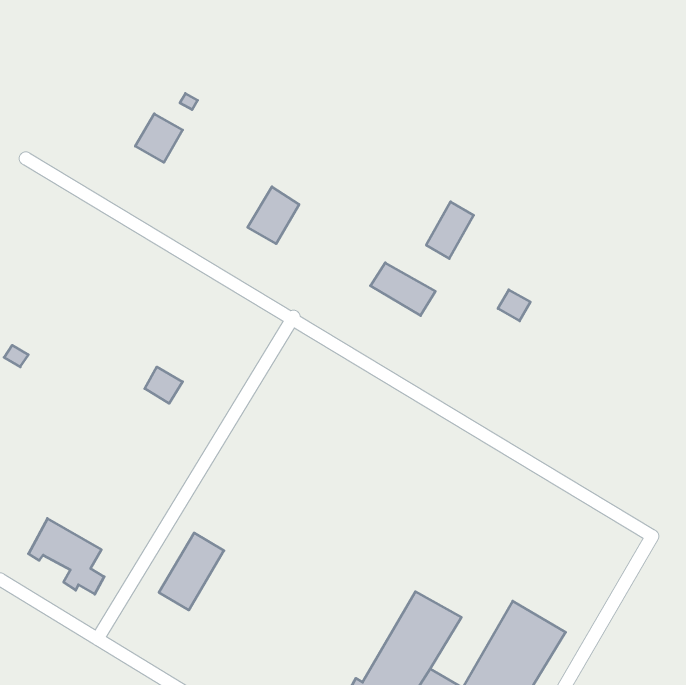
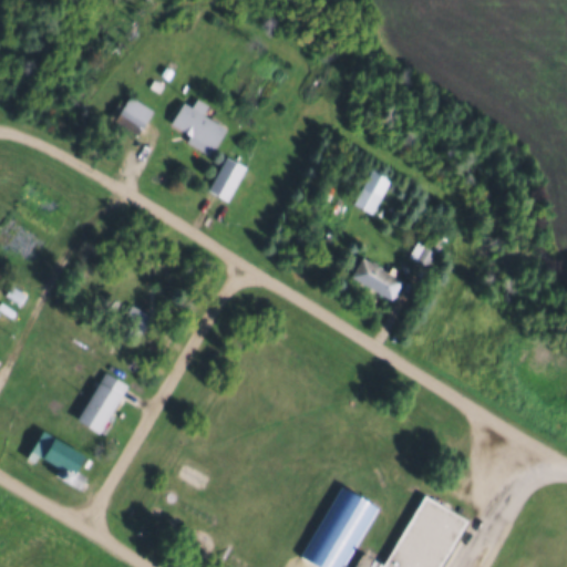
building: none -> [171,101,227,152]
building: [370,263,435,316] -> [351,260,404,303]
building: [159,533,224,610] -> [76,373,130,436]

